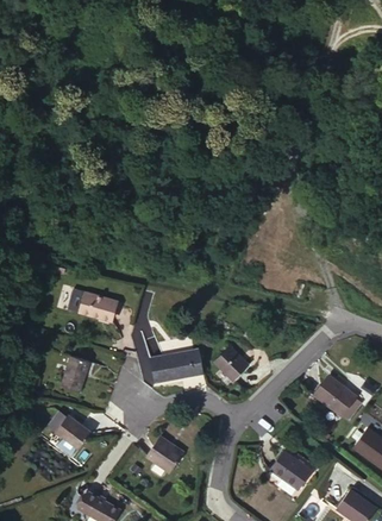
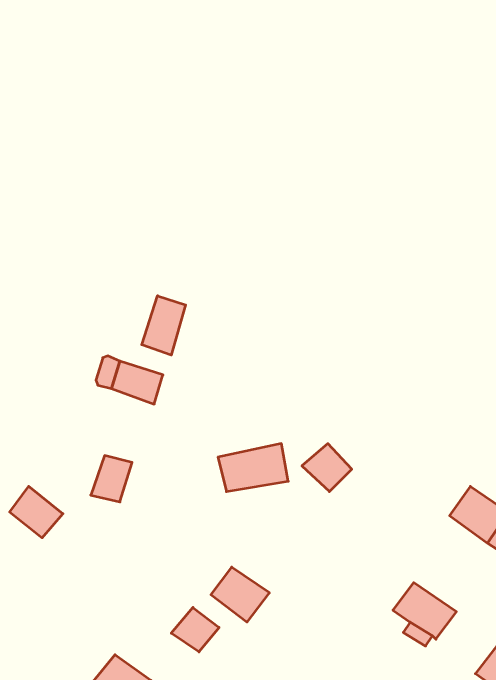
building: none -> [142,296,186,355]
building: [56,414,93,450] -> [10,486,63,538]
building: none -> [171,607,219,652]

